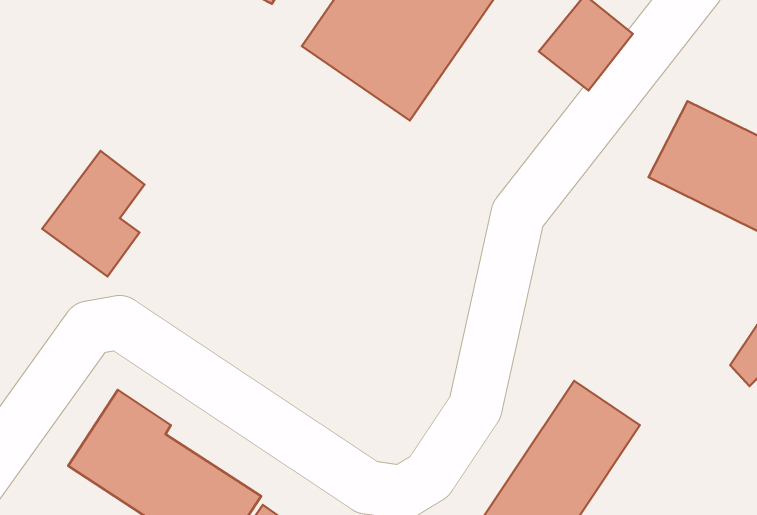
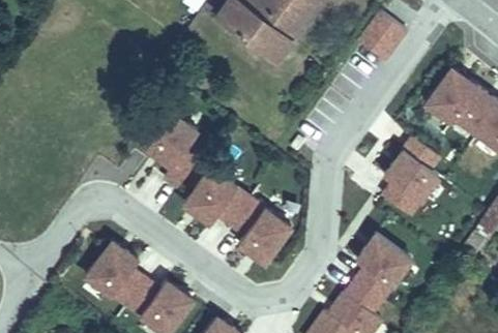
building: [42,151,145,277] -> [142,110,202,183]
building: none -> [374,133,451,215]
building: none -> [180,163,296,267]

